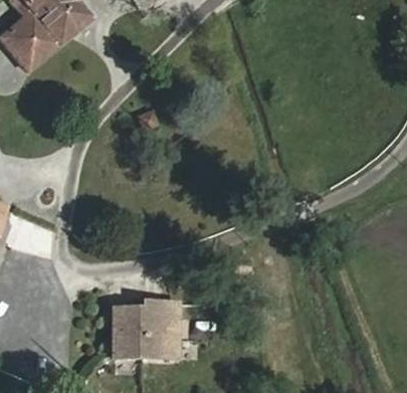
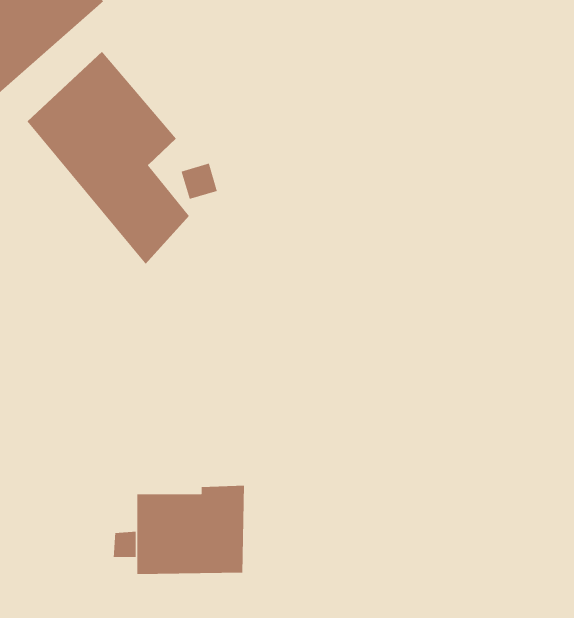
building: none -> [26,51,190,265]

